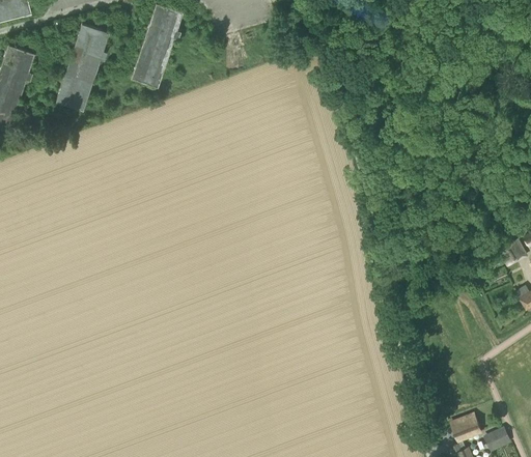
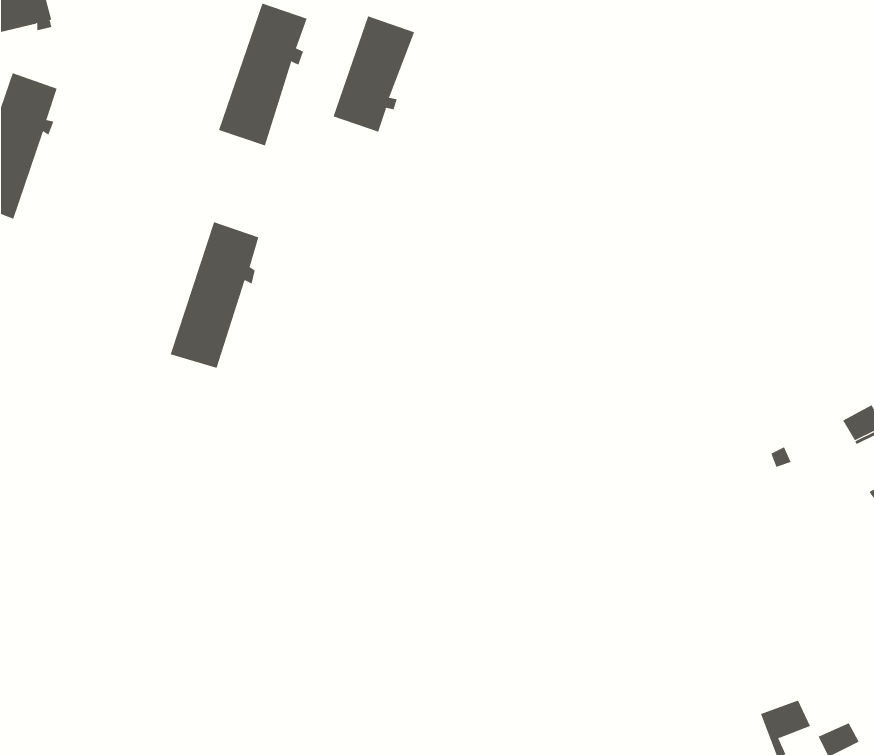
building: none -> [333,16,415,132]
building: [55,24,108,111] -> [170,222,259,368]

